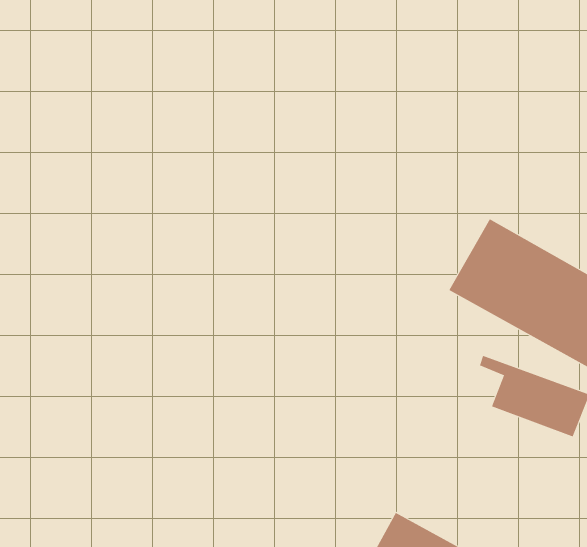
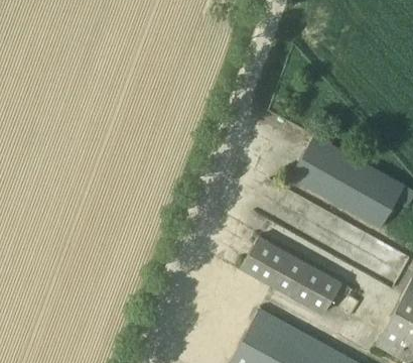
building: none -> [241,234,343,315]

